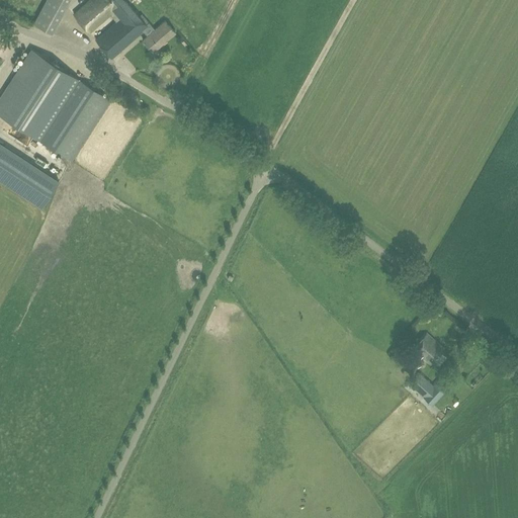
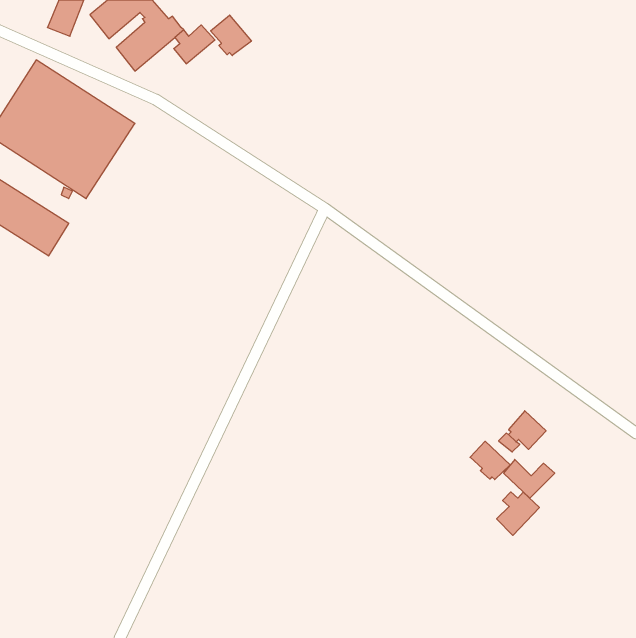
building: none -> [211,15,251,56]
building: none -> [470,441,510,480]
building: none -> [497,492,539,535]

